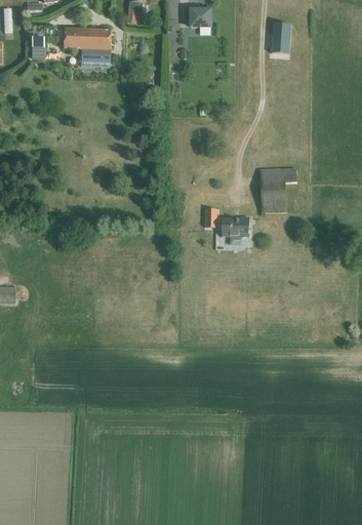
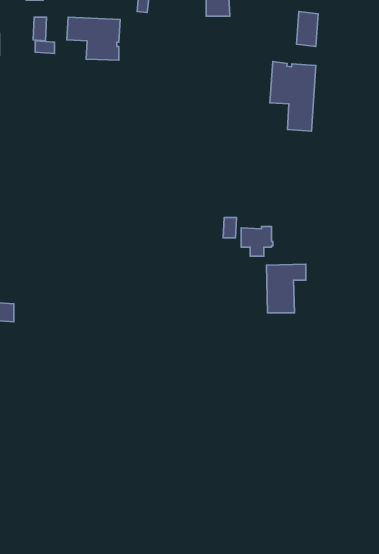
building: none -> [270,62,316,131]
building: [260,167,296,211] -> [266,264,306,313]

